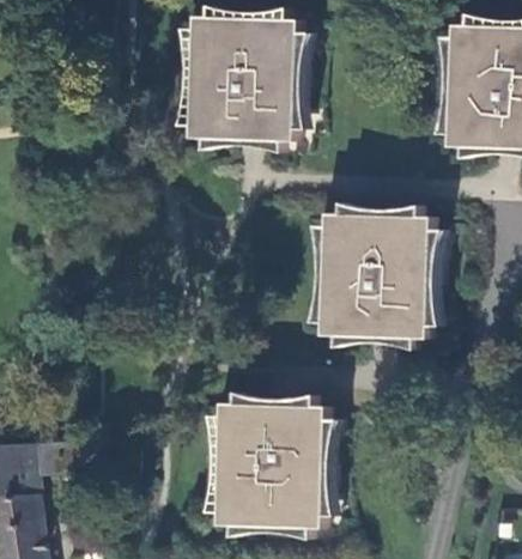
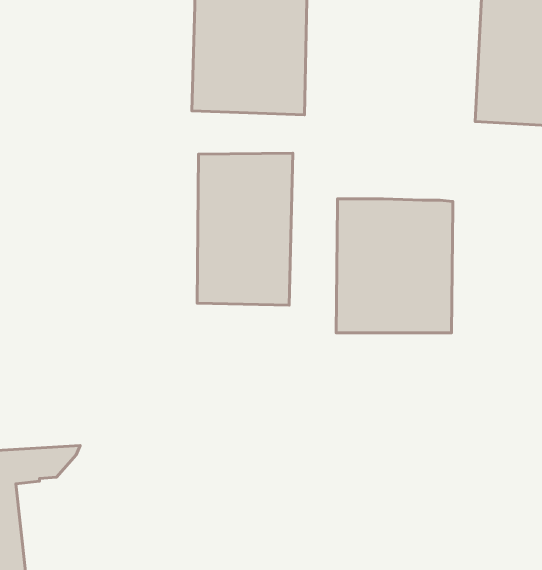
building: none -> [197,153,293,305]
building: [220,407,324,529] -> none

